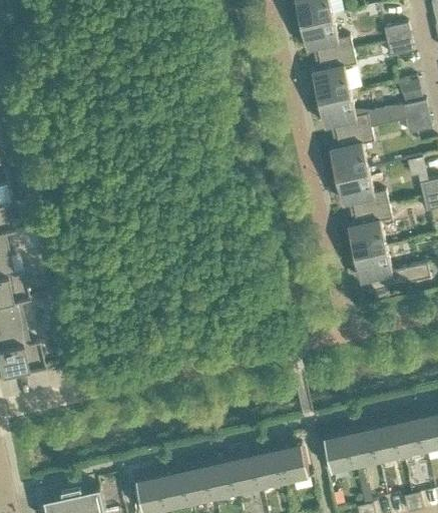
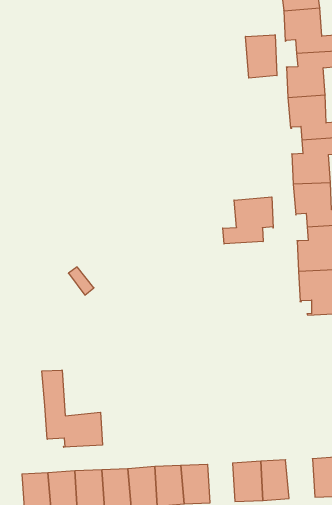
building: none -> [246,35,277,78]
building: none -> [223,197,273,244]
building: none -> [42,370,102,447]
building: [372,423,404,462] -> none

